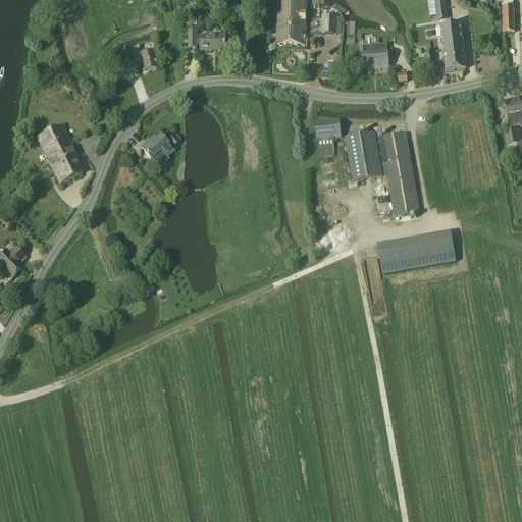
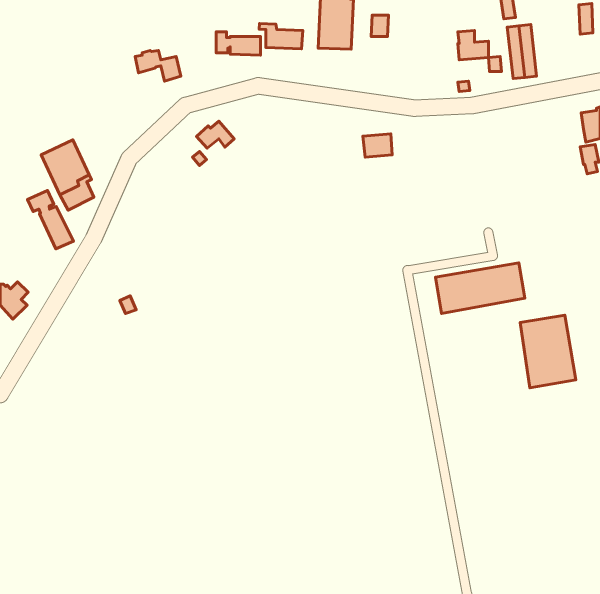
building: none -> [259,24,303,49]
building: [362,42,388,67] -> [458,31,488,60]
building: [346,123,420,214] -> none
building: [141,133,173,156] -> [197,121,234,148]
building: none -> [28,191,73,249]
building: none -> [520,315,576,388]

